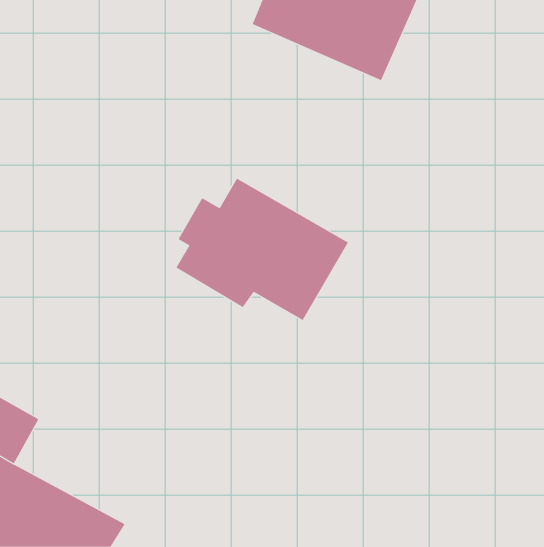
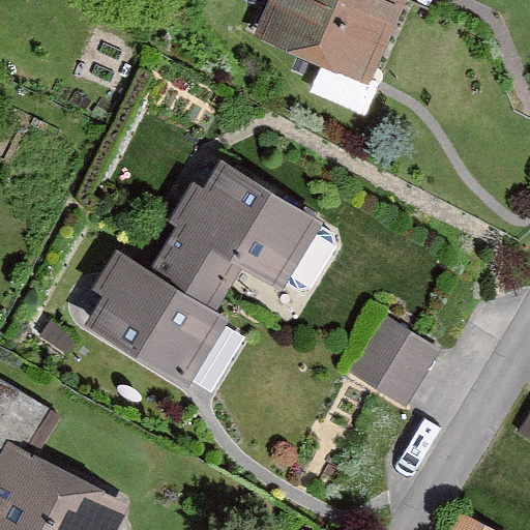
building: none -> [87,254,231,394]
building: none -> [349,321,438,408]

